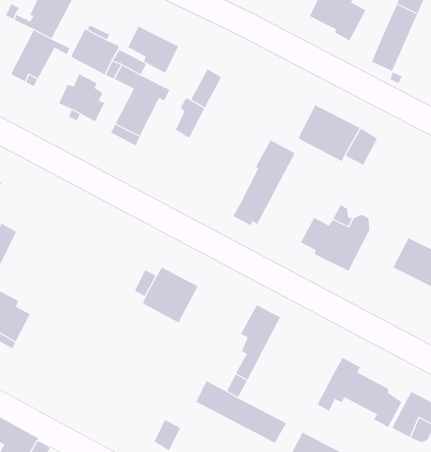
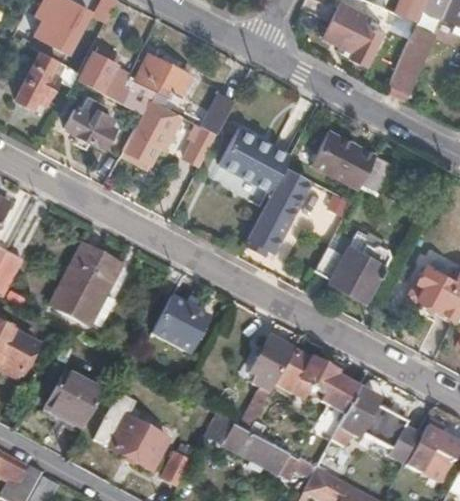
building: none -> [219,129,289,191]
building: none -> [50,246,131,332]
building: none -> [276,352,361,409]
building: none -> [46,371,103,427]
building: none -> [110,416,169,470]

